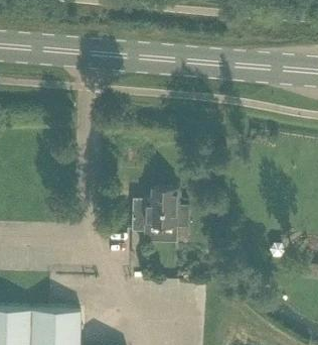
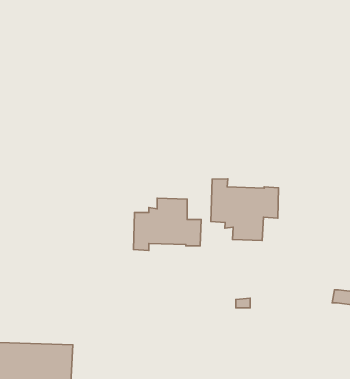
building: none -> [211,179,279,240]

